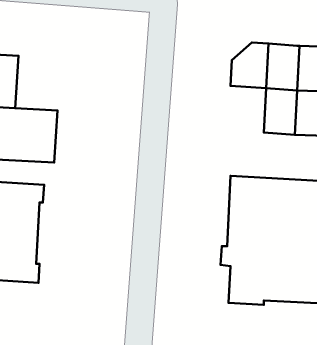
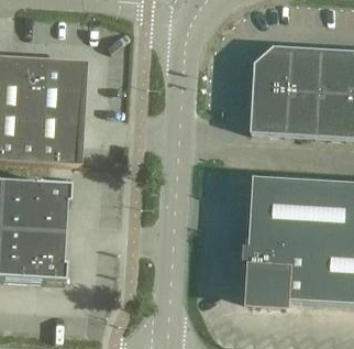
building: none -> [41,57,85,111]
building: none -> [252,87,289,133]

